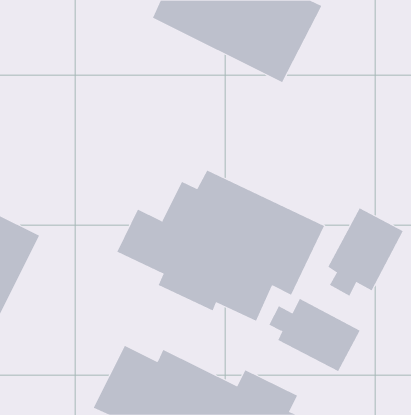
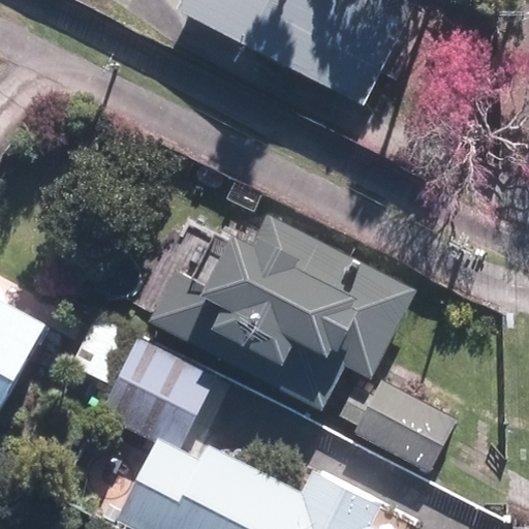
building: [327,208,404,296] -> none
building: none -> [104,341,214,446]

